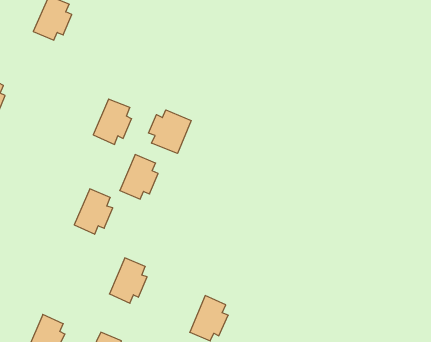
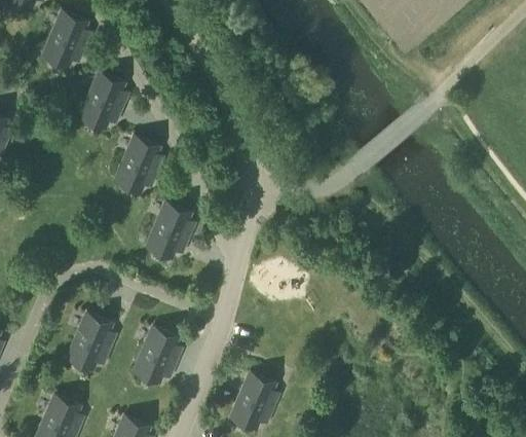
building: none -> [79,73,125,128]
building: [148,110,191,153] -> none
building: [74,189,113,234] -> [67,315,113,369]

